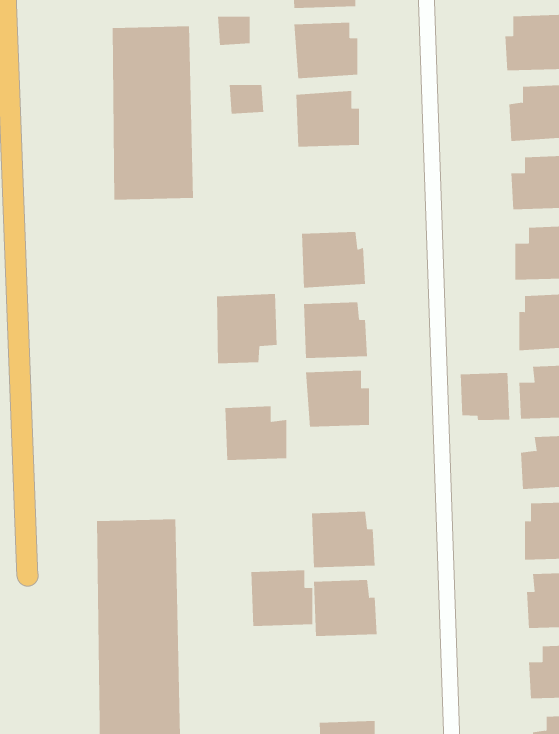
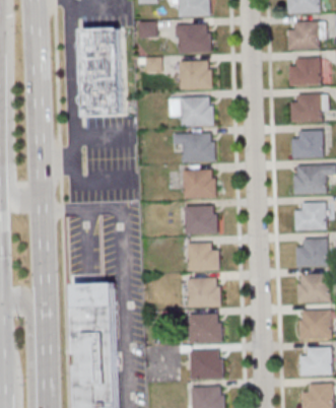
building: none -> [180,96,213,126]
building: [217,293,277,364] -> none
building: [460,372,510,421] -> none
building: [225,406,287,461] -> [186,243,218,271]
building: [251,570,313,627] -> [189,350,221,380]

